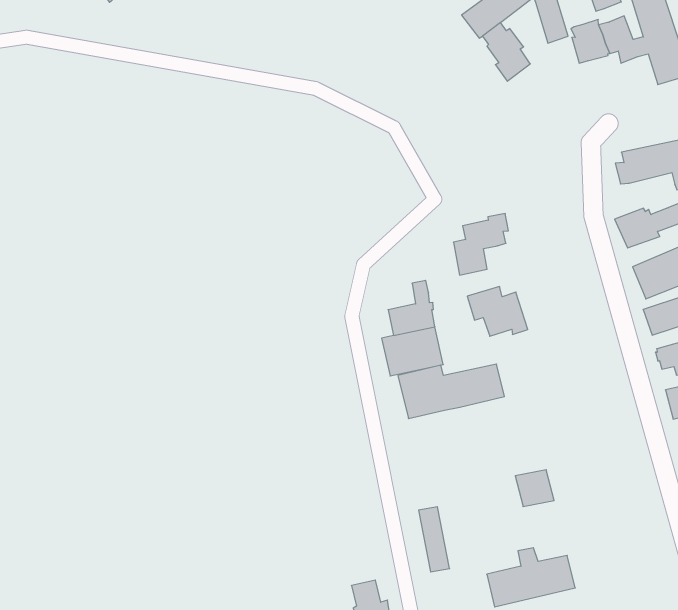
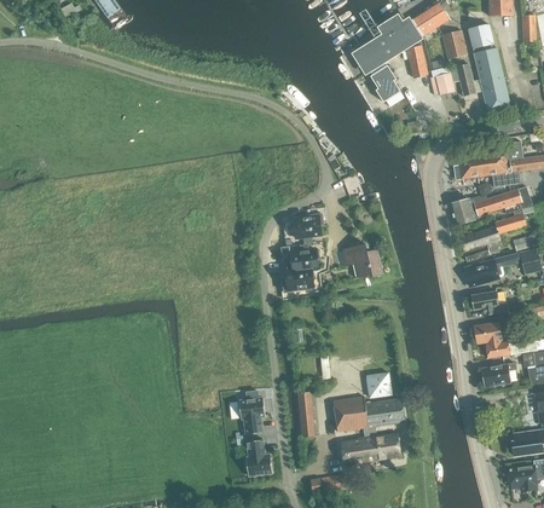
building: [453,214,508,275] -> [284,213,323,253]
building: [398,364,504,419] -> [332,396,405,431]
building: none -> [238,397,265,433]

